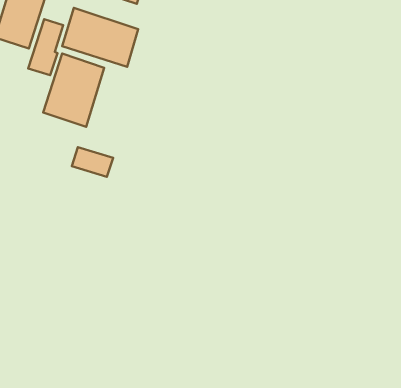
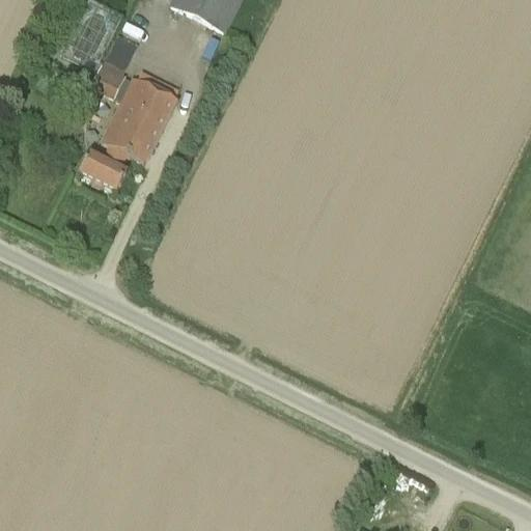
building: [62,8,138,67] -> none
building: [72,147,113,177] -> [80,149,129,189]

